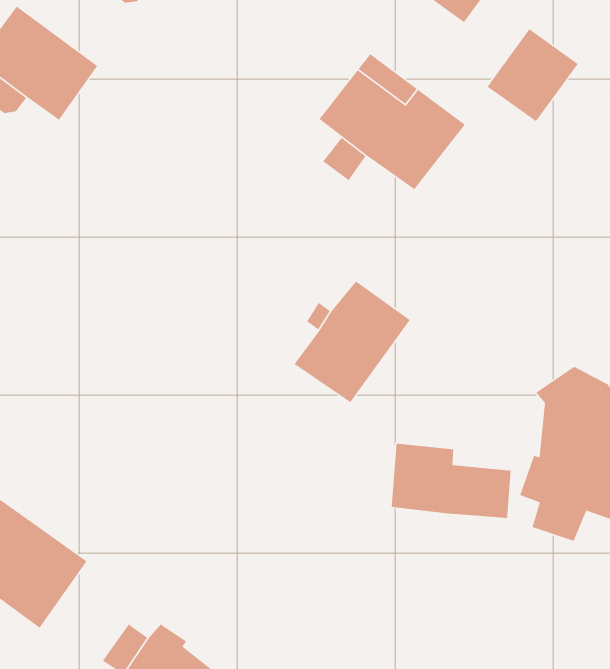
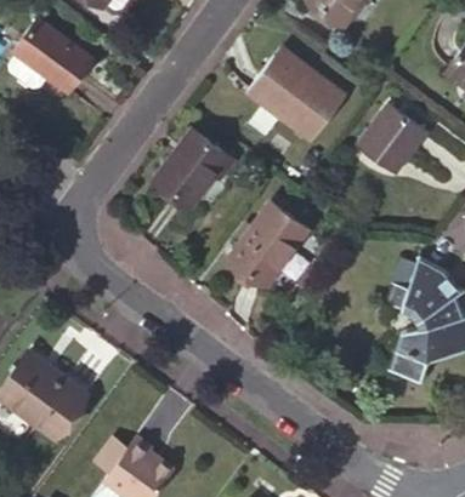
building: [486,28,579,122] -> [361,105,424,170]
building: none -> [154,130,234,206]
building: [391,443,512,519] -> none

